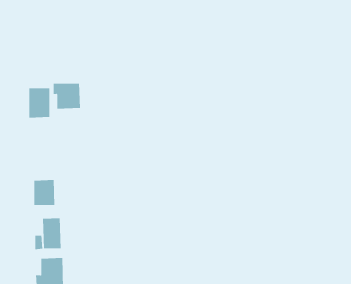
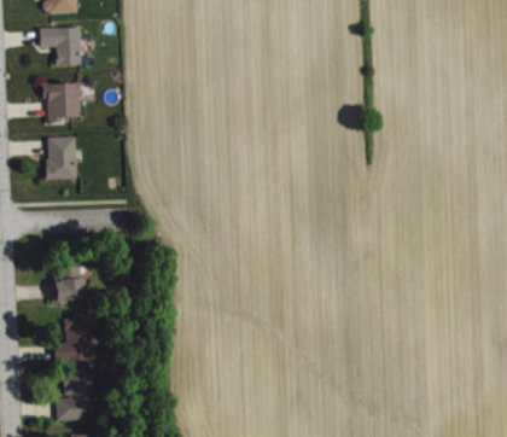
building: none -> [40,27,81,65]
building: [53,83,81,109] -> [42,82,81,118]

